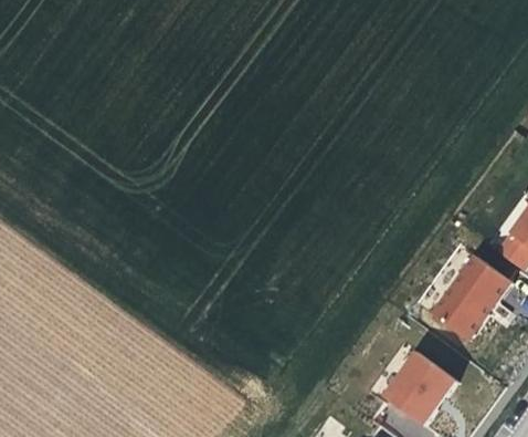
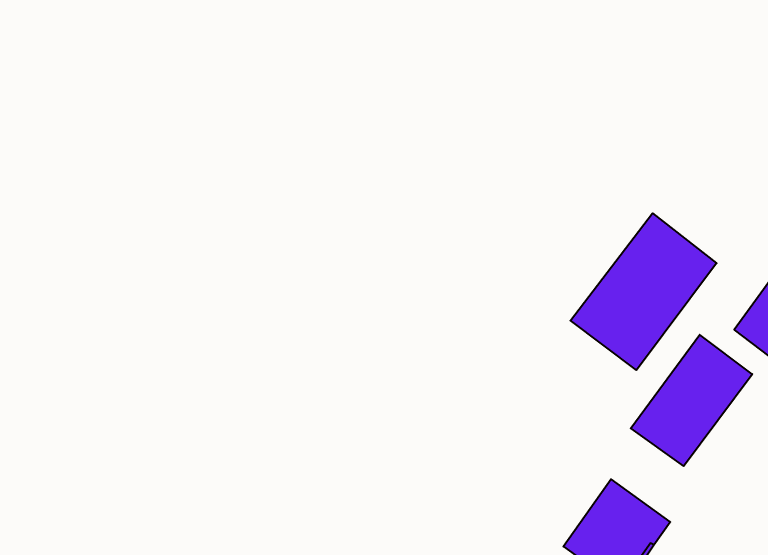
building: none -> [570,213,717,370]

